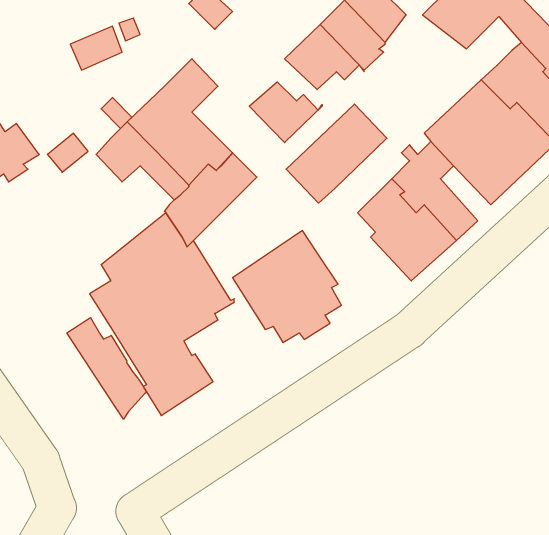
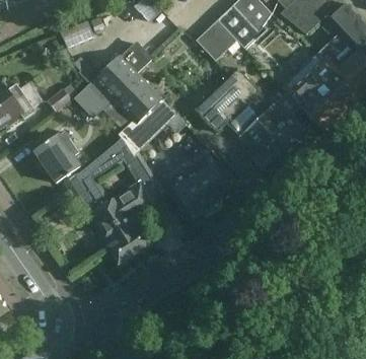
building: [249,82,322,143] -> none
building: none -> [33,130,78,180]
building: [67,318,146,419] -> none

